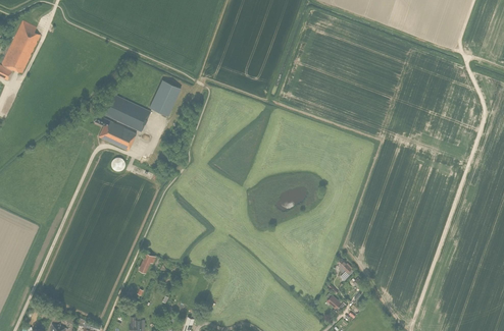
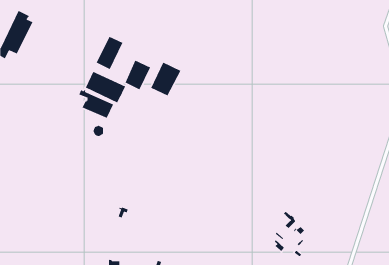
building: none -> [95,36,123,70]
building: none -> [150,61,181,97]

